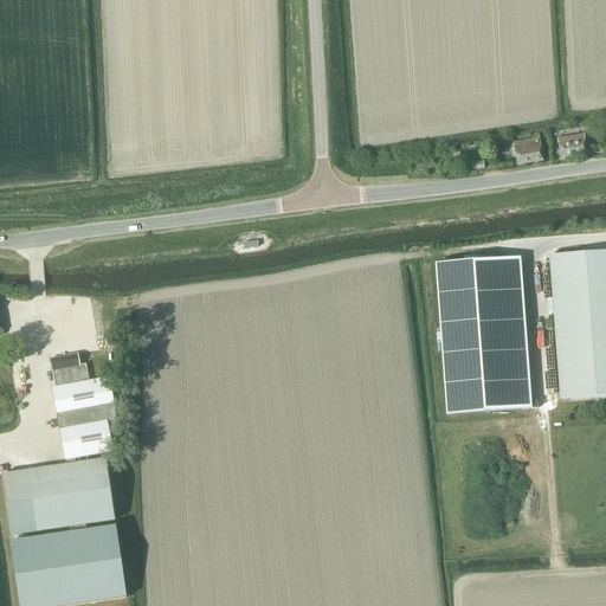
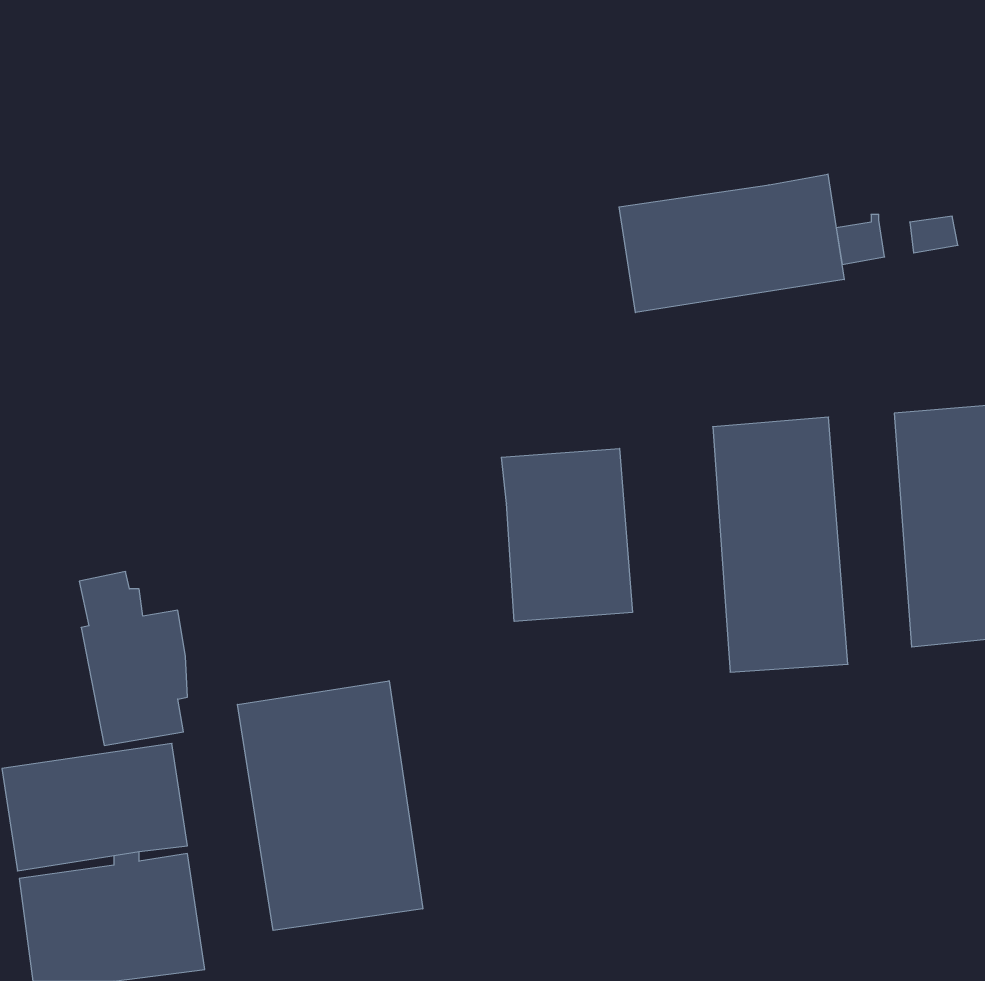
building: none -> [619,174,844,313]
building: none -> [501,448,632,621]
building: none -> [237,681,423,930]

